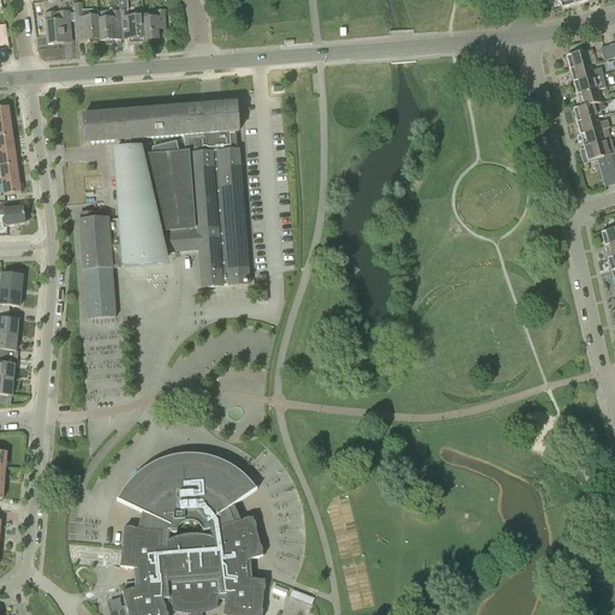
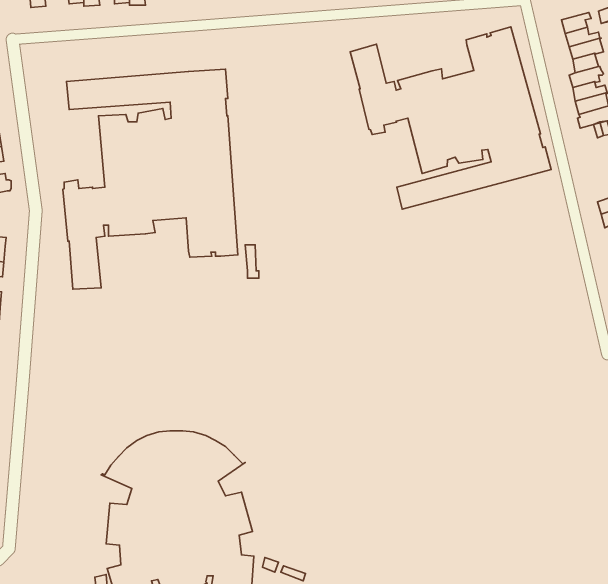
building: none -> [350,27,551,209]

